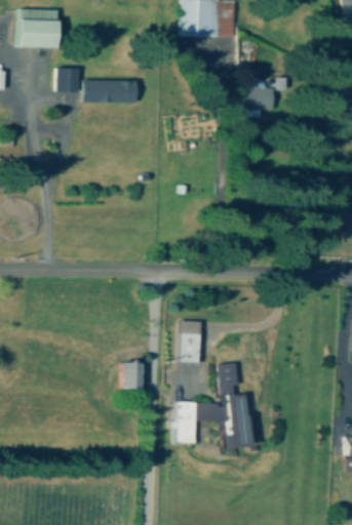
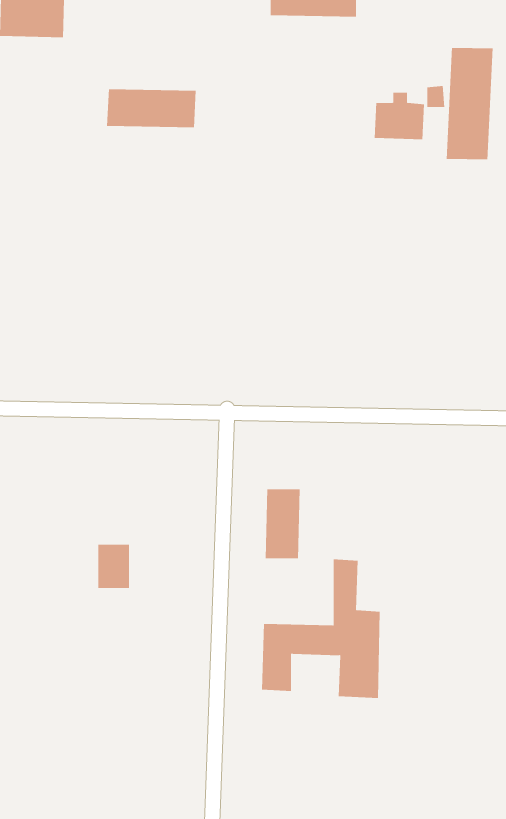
building: none -> [446,47,493,160]
building: [56,69,80,93] -> none
building: [123,361,143,388] -> [98,544,130,588]

